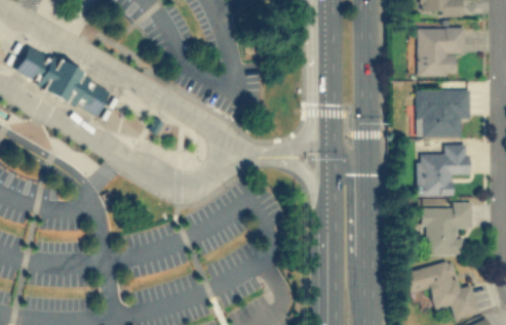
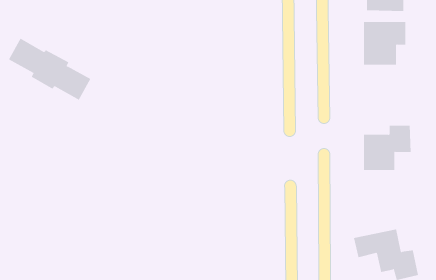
building: [417,89,470,137] -> none
building: [425,202,473,256] -> none

